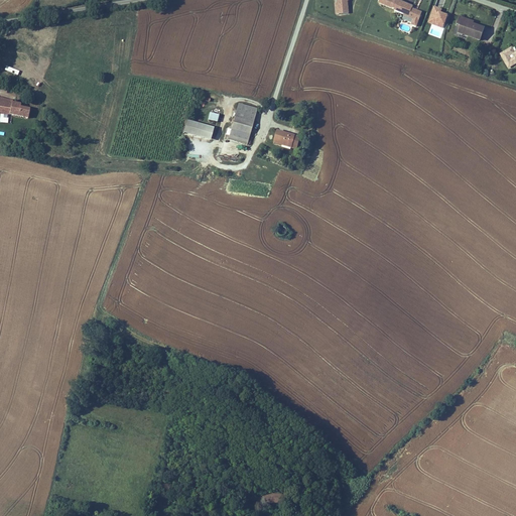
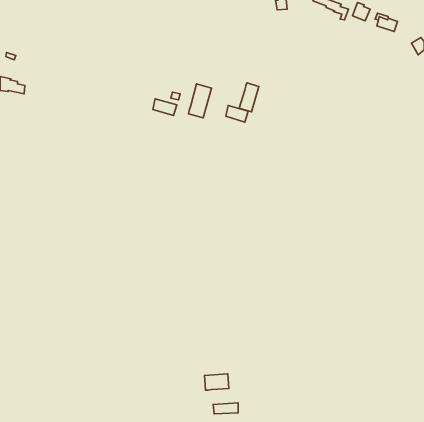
building: none -> [239,83,259,112]
building: none -> [204,374,229,390]

